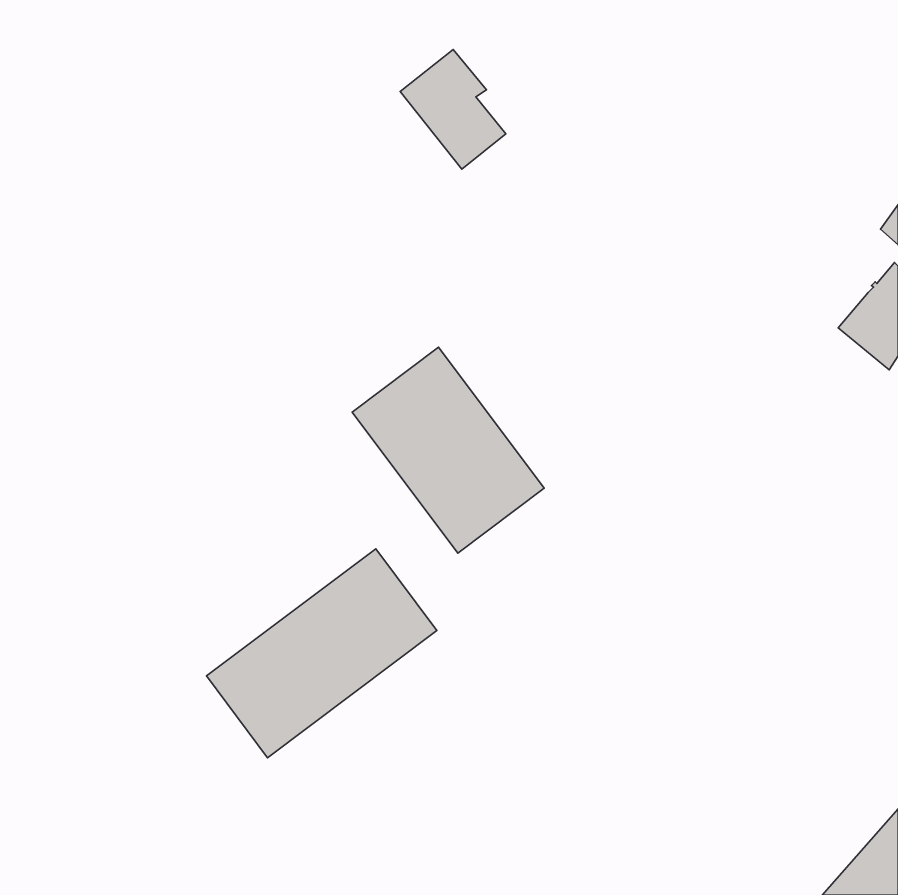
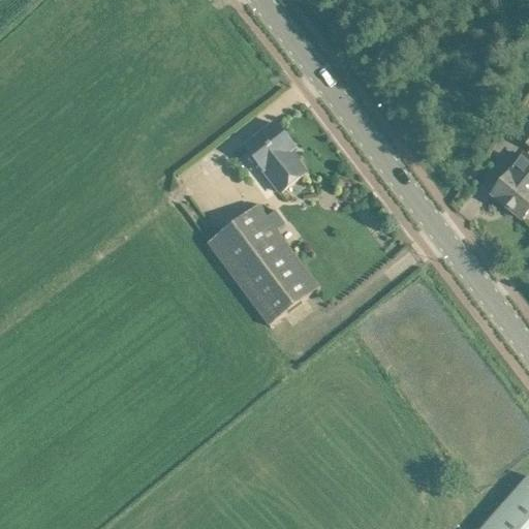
building: [400,49,506,169] -> [244,122,306,192]
building: [207,549,437,758] -> none

